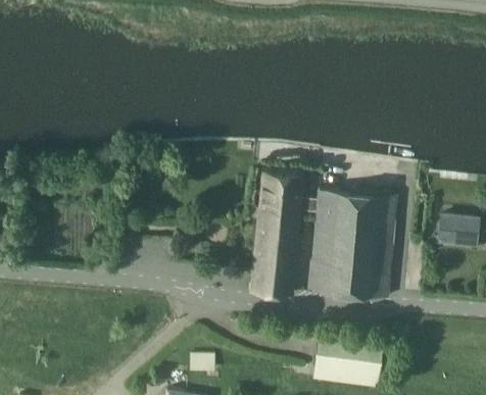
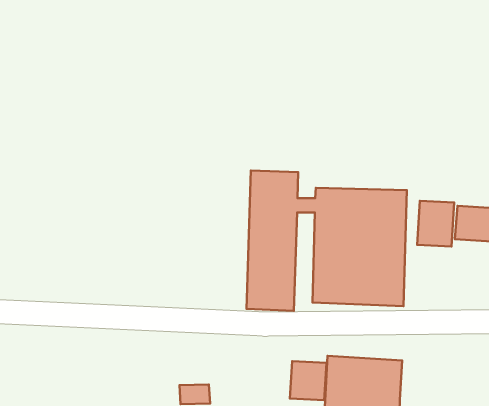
building: none -> [417,201,454,247]
building: none -> [290,361,327,400]

